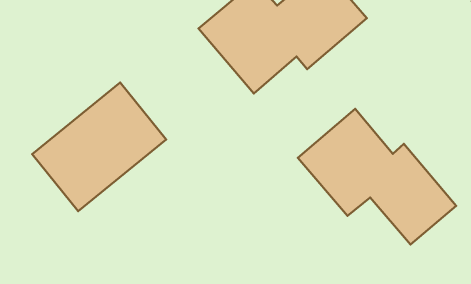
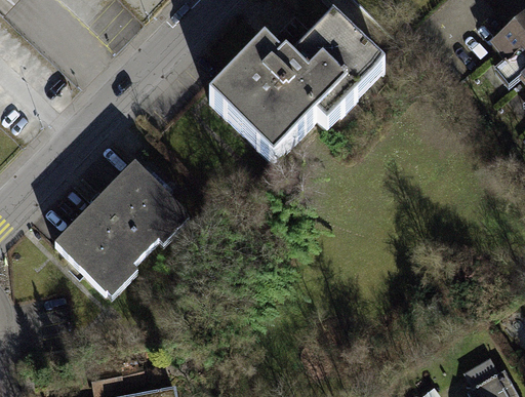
building: [298,109,456,244] -> none

